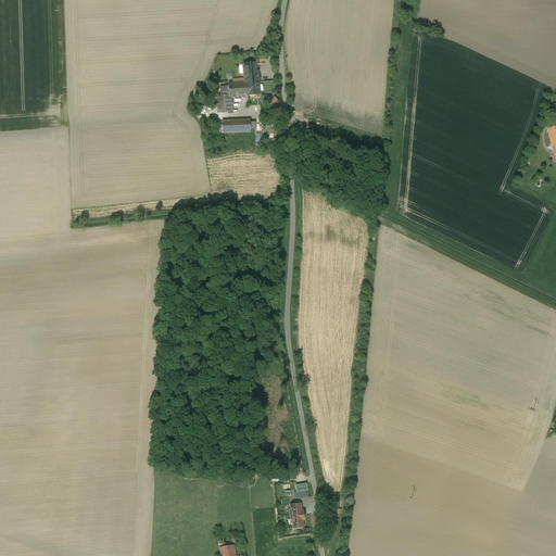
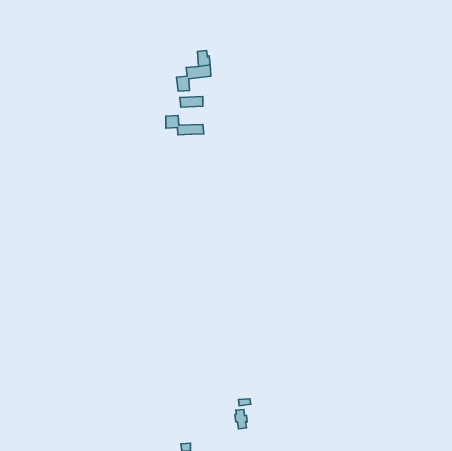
building: none -> [166,115,204,135]

